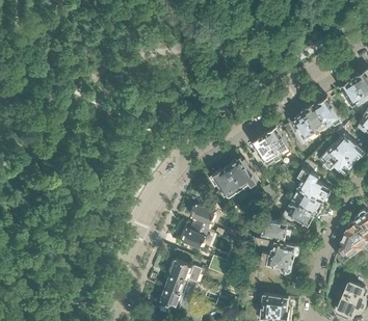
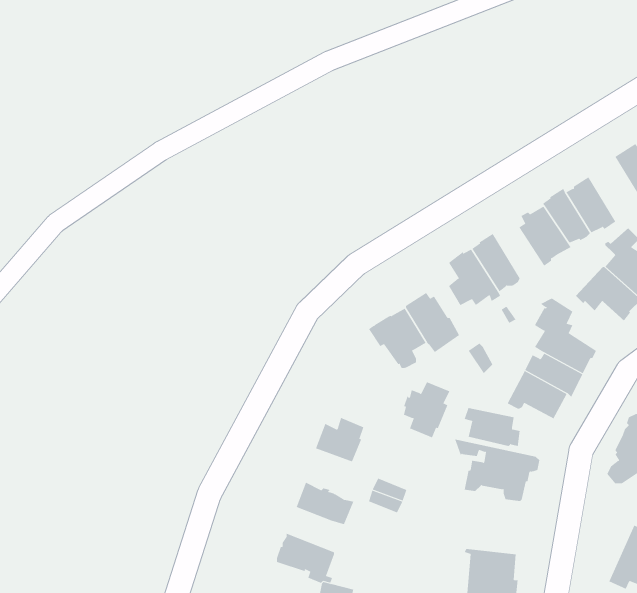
building: [190,200,215,231] -> [403,382,450,438]
building: [164,273,194,297] -> none

